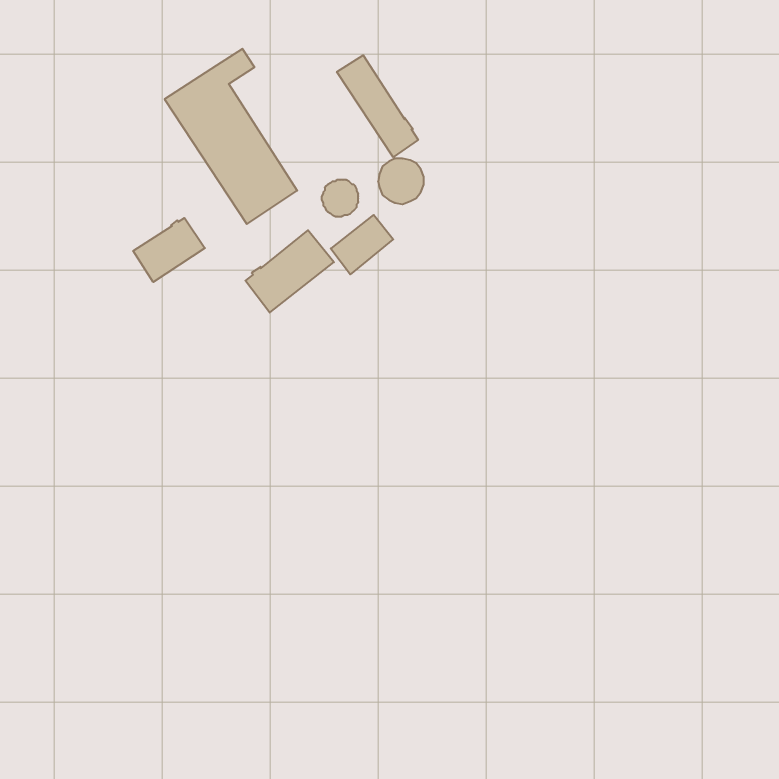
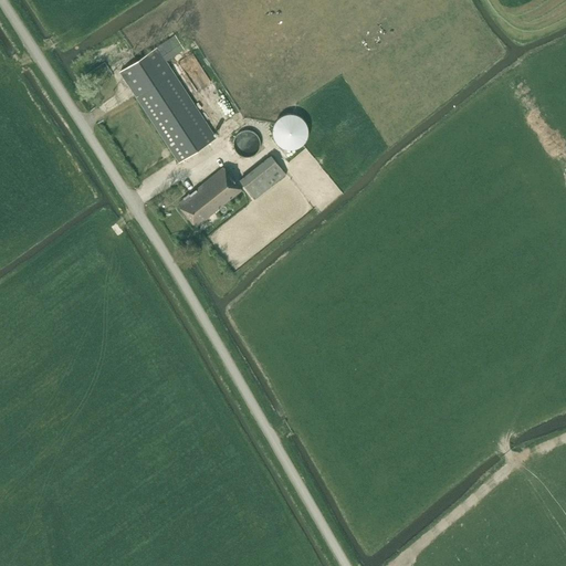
building: [337,55,418,157] -> none
building: [133,218,205,282] -> none

